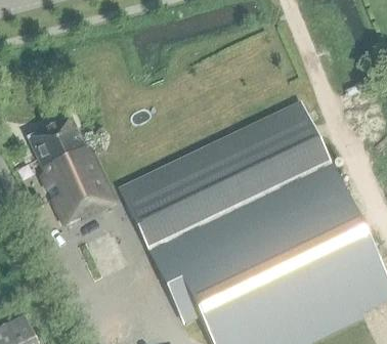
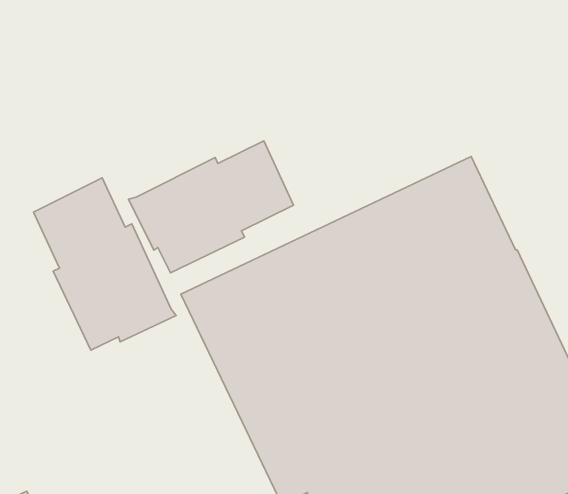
building: none -> [129,141,294,273]

